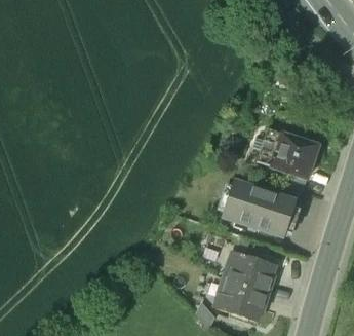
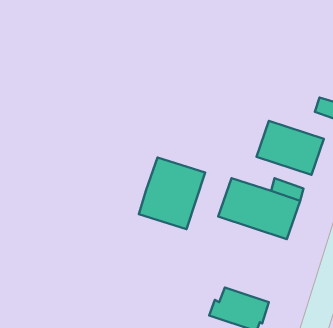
building: none -> [139,158,205,229]
building: [228,251,275,294] -> none

